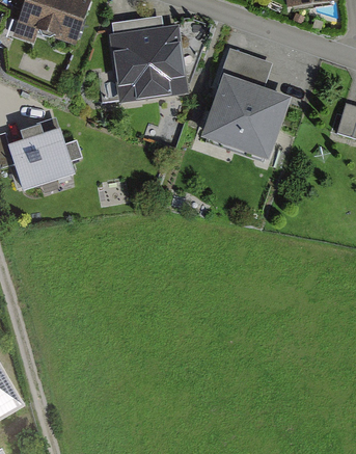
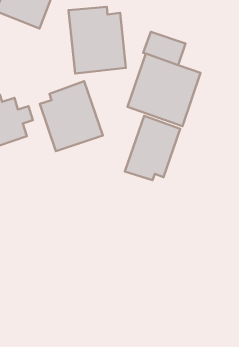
building: none -> [40,81,103,151]
building: none -> [125,116,180,180]

